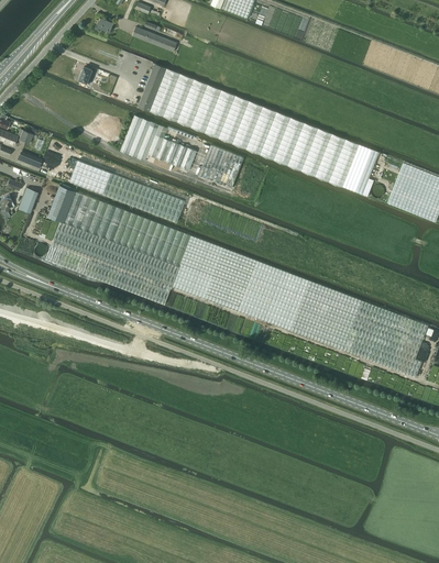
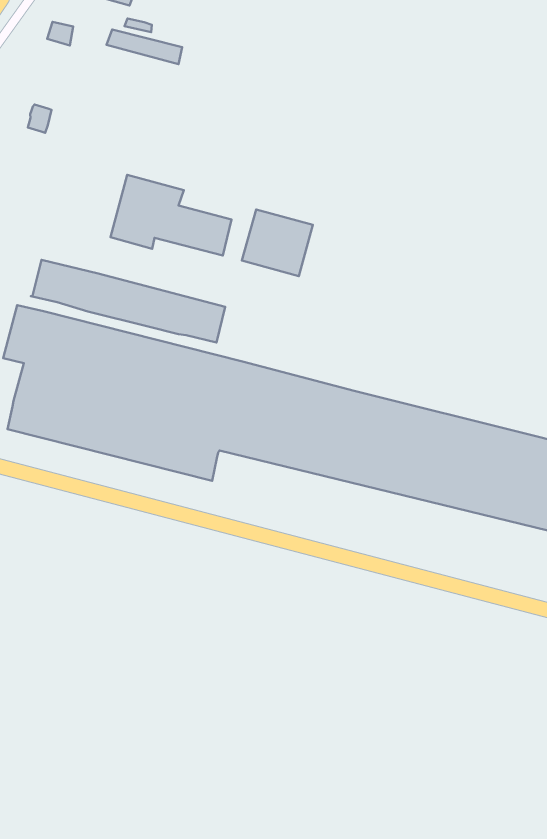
building: [136,63,378,194] -> none

